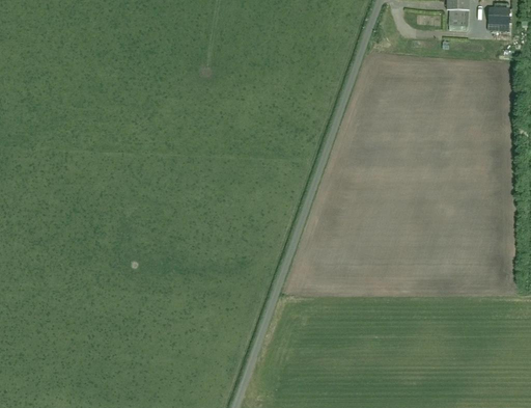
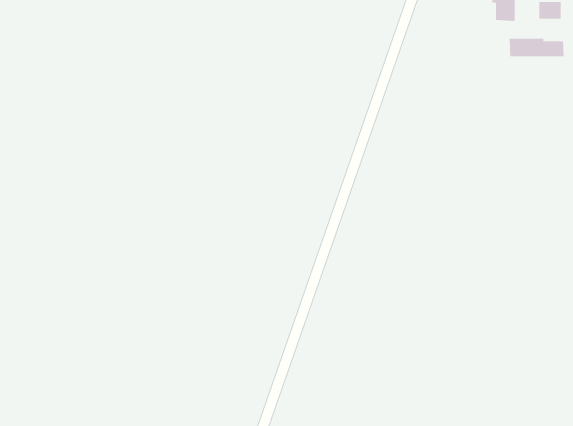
building: none -> [509,38,565,57]

